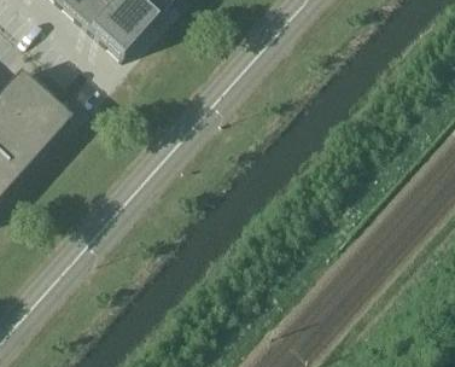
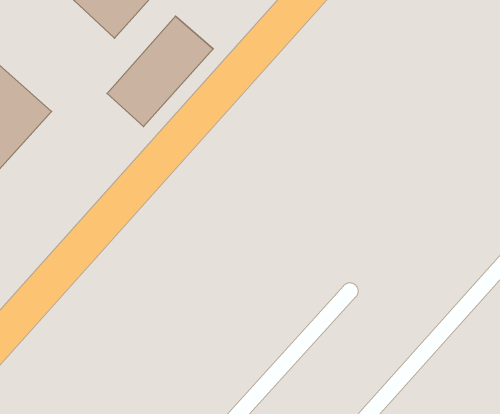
building: none -> [107,16,213,127]

